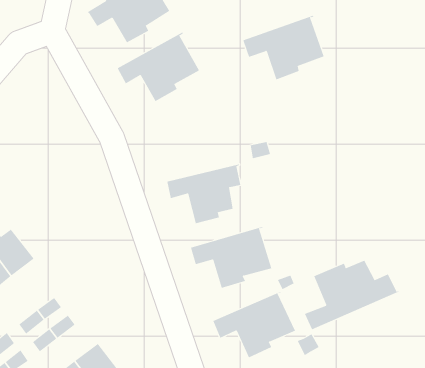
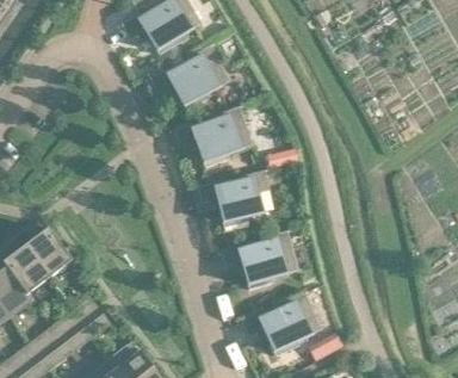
building: [242,15,324,80] -> [172,105,250,167]
building: [304,260,401,330] -> none

